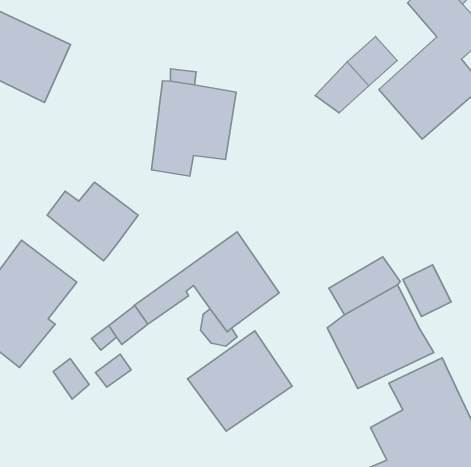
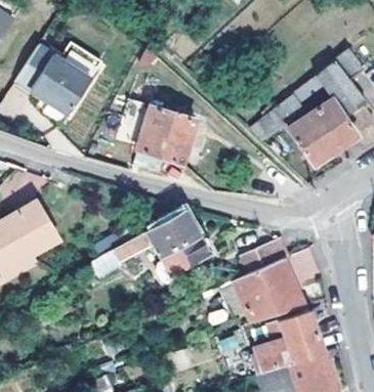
building: [47,182,138,261] -> none
building: [188,331,292,431] -> none

